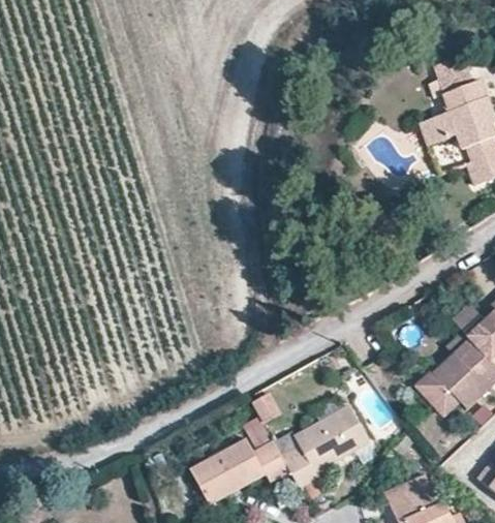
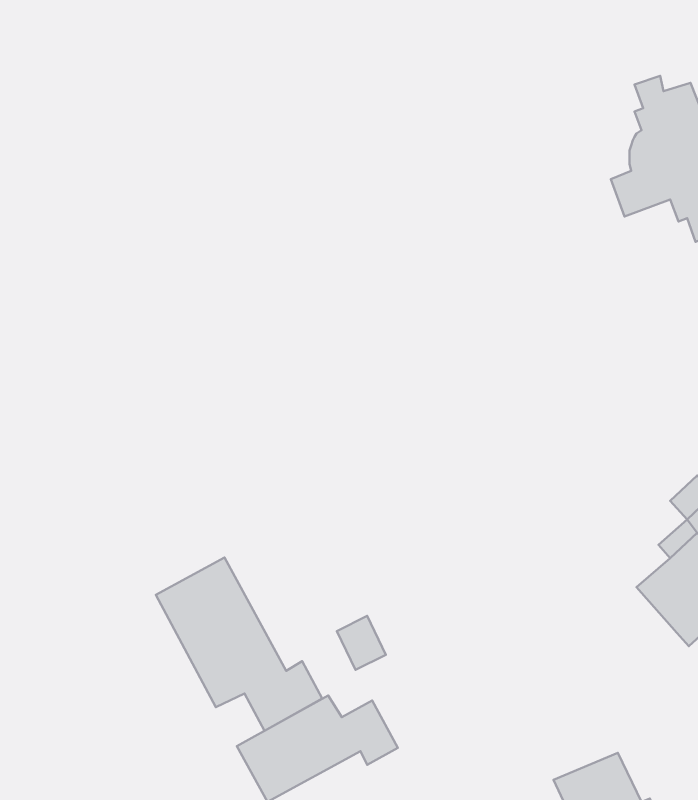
building: none -> [156,557,322,731]
building: [416,371,460,416] -> none
building: [274,405,369,488] -> none

